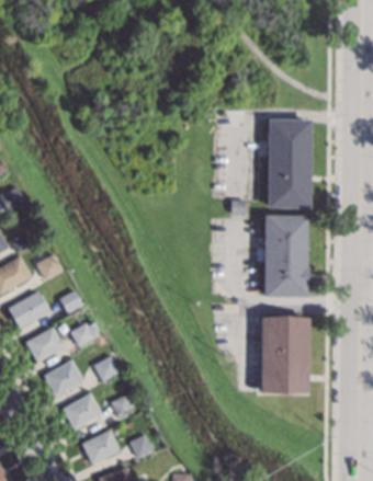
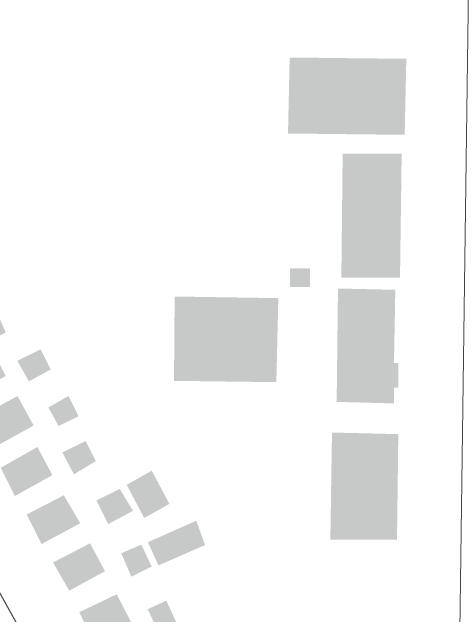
building: none -> [287,57,407,136]
building: none -> [173,296,279,383]
building: none -> [126,470,171,519]
building: none -> [147,519,206,566]

